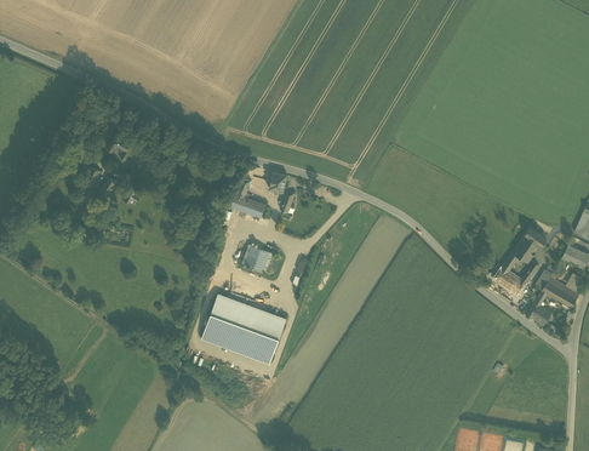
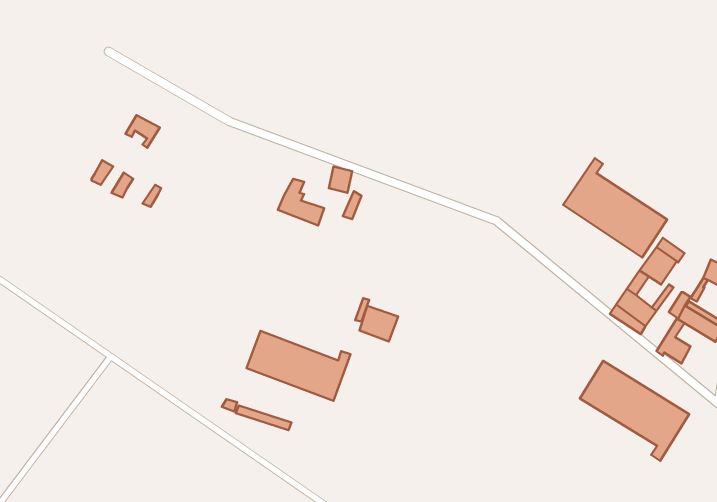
building: none -> [563,158,667,257]
building: [244,244,274,272] -> [359,306,398,341]
building: none -> [580,361,689,461]

